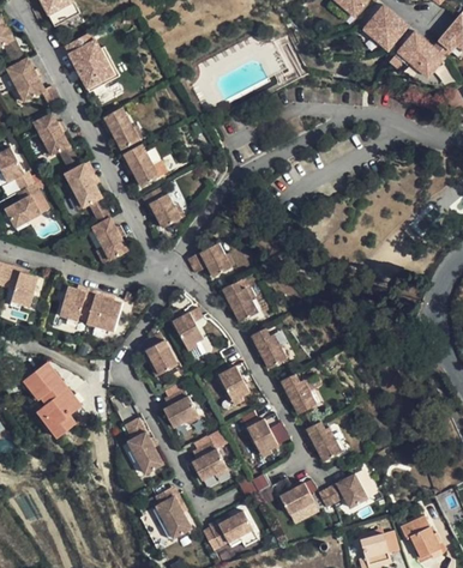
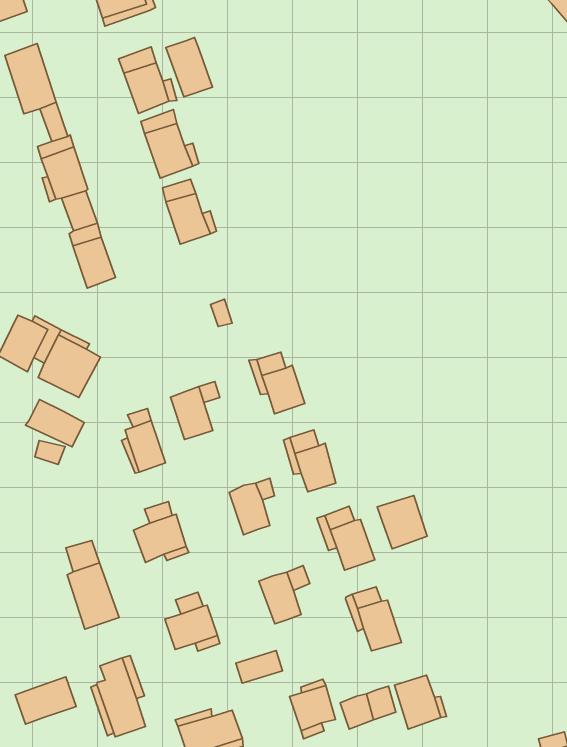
building: none -> [166,38,212,97]
building: [200,244,230,277] -> none
building: none -> [26,399,84,447]
building: none -> [377,495,427,549]
building: none -> [15,677,76,724]

